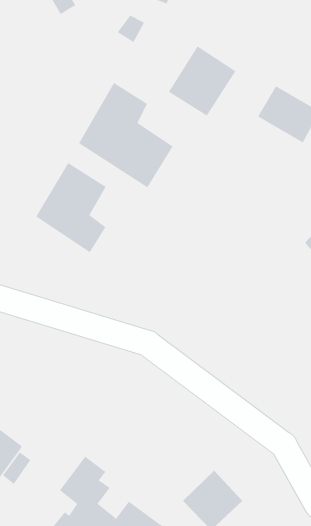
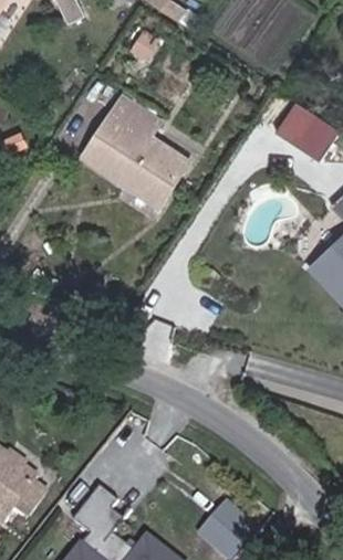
building: [168,46,236,116] -> none
building: [35,162,107,253] -> none

